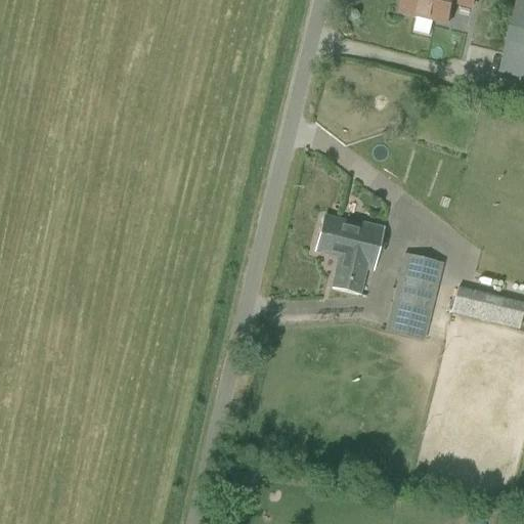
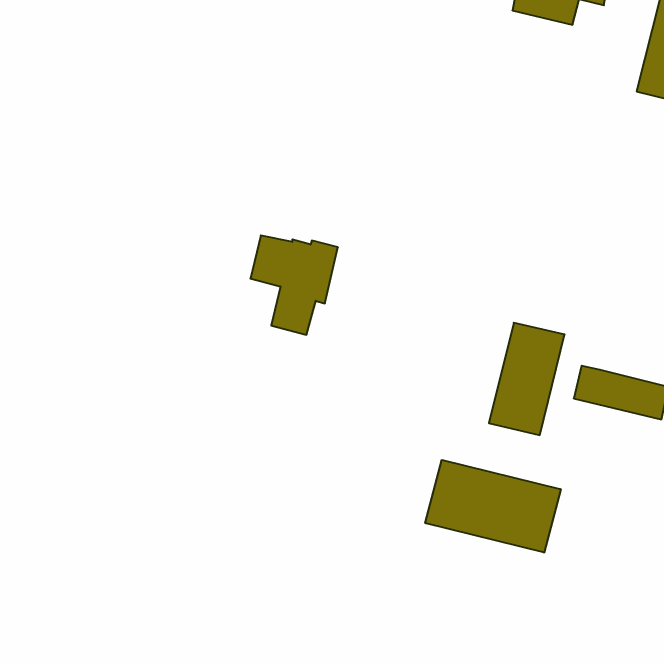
building: [317,217,386,295] -> [250,235,338,335]
building: none -> [425,460,561,553]

